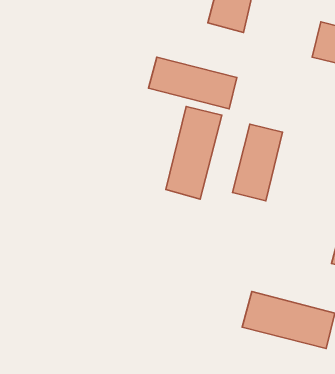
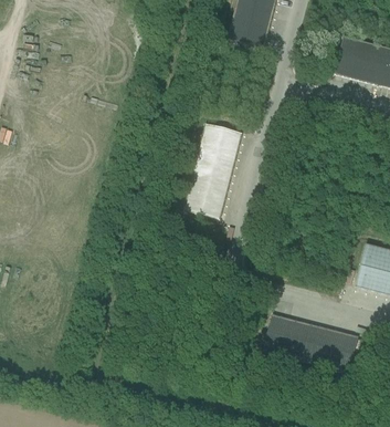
building: [148,57,237,109] -> none
building: [232,124,282,201] -> none

